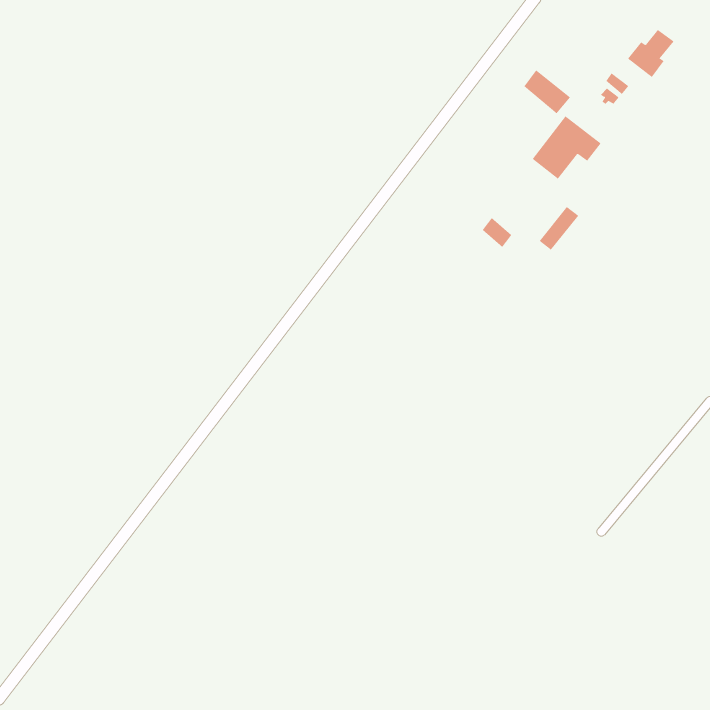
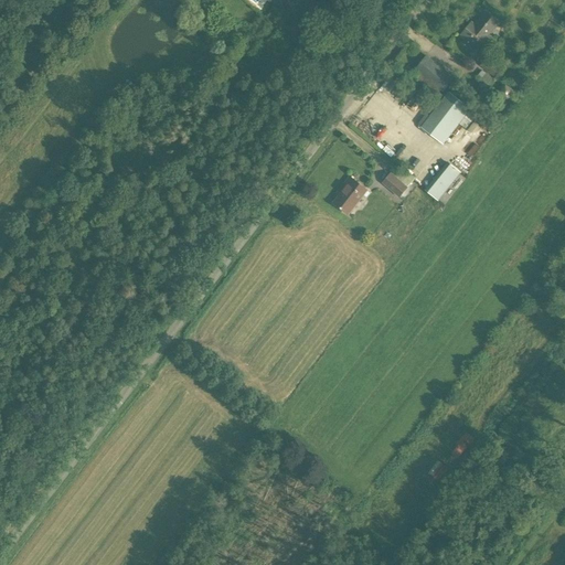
building: [627,29,674,78] -> [460,11,498,50]
building: none -> [332,175,366,214]

